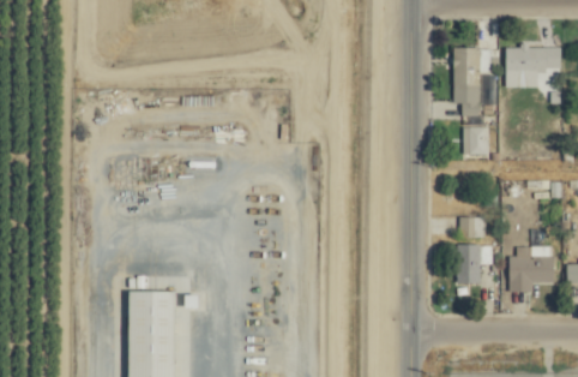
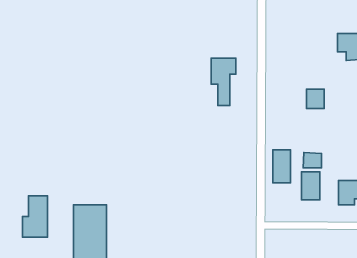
building: [453,48,488,115] -> [211,58,236,105]
building: none -> [273,150,291,183]
building: none -> [23,196,48,237]

